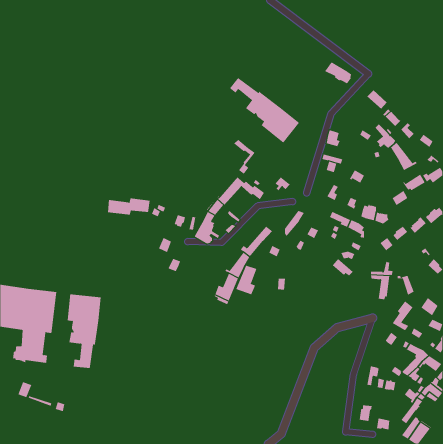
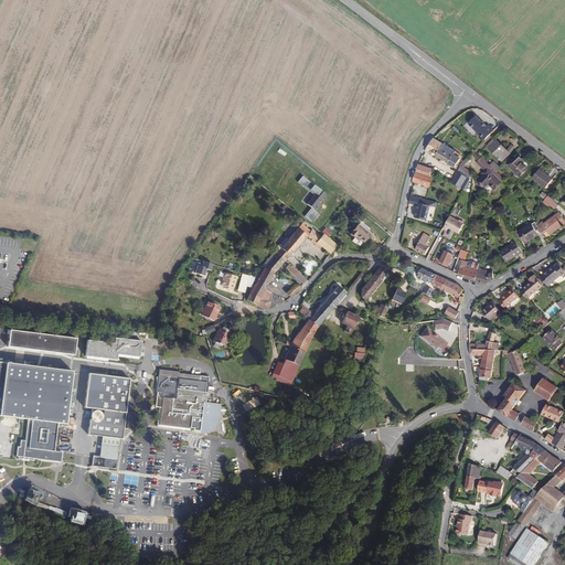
building: [324,62,352,84] -> [425,138,460,167]
building: [229,77,300,144] -> none
building: [390,142,418,171] -> none
building: [107,198,151,215] -> [86,338,141,360]
building: none -> [8,331,76,355]
building: [236,265,257,295] -> none
building: none -> [154,369,220,431]

